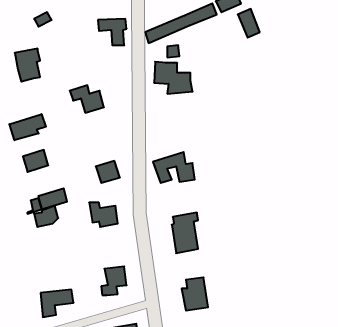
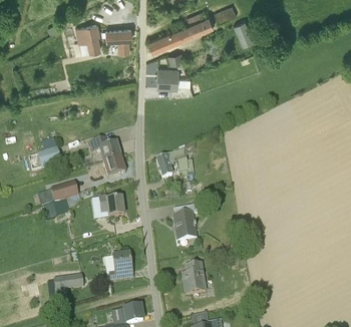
building: [15,49,40,82] -> [75,22,98,52]
building: [70,85,104,113] -> [89,136,120,161]
building: [9,114,46,140] -> none

